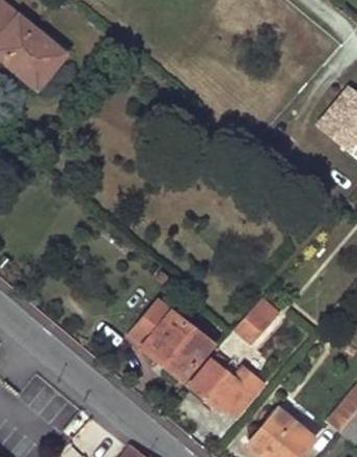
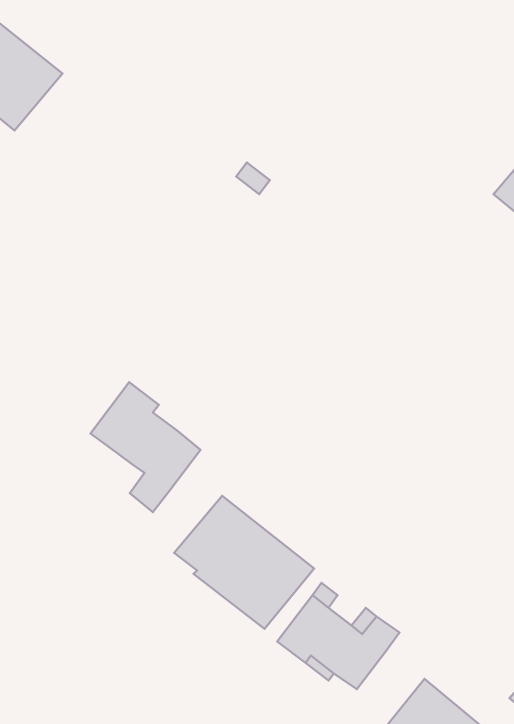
building: none -> [91,382,200,512]
building: [235,299,277,344] -> none

